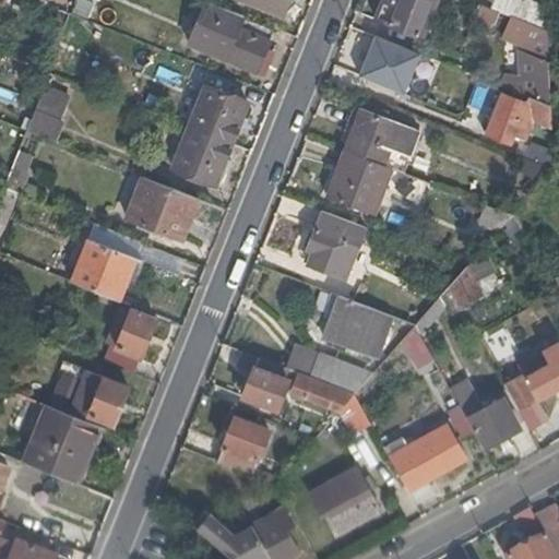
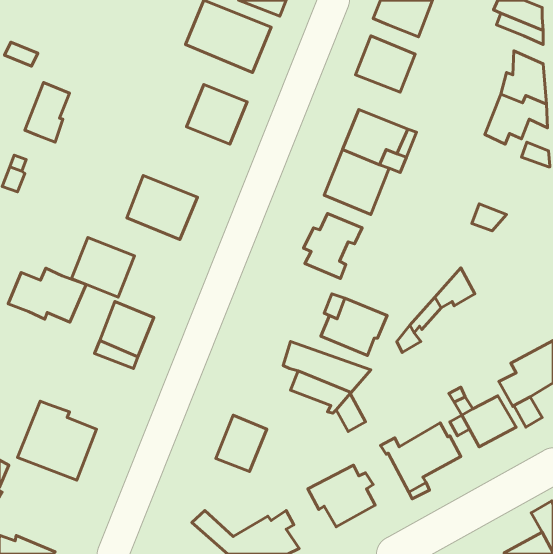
building: [171,128,231,186] -> none
building: [236,352,292,411] -> none
building: [49,371,128,426] -> [8,268,86,322]

